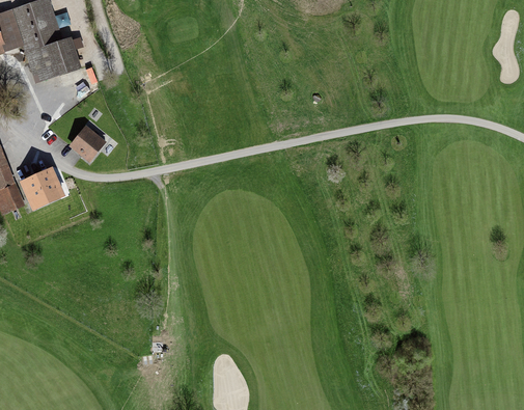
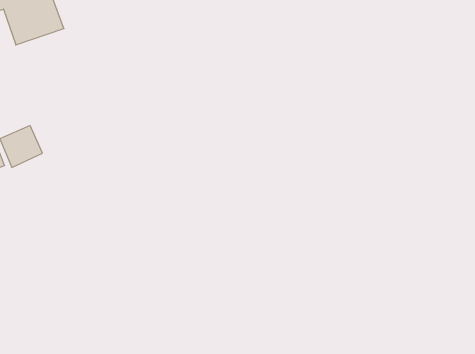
building: [64,125,103,163] -> none

